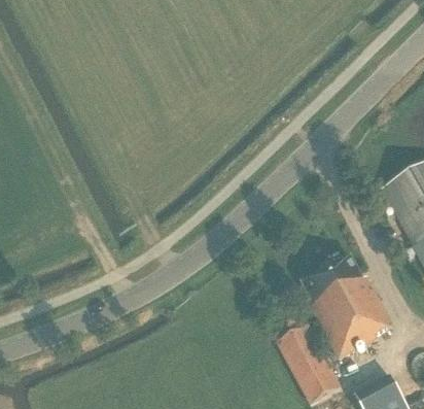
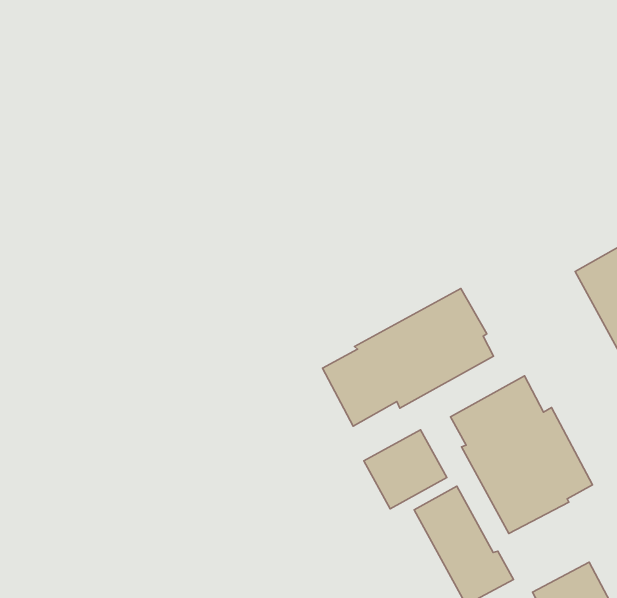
building: none -> [322,288,494,426]
building: none -> [364,430,447,509]

